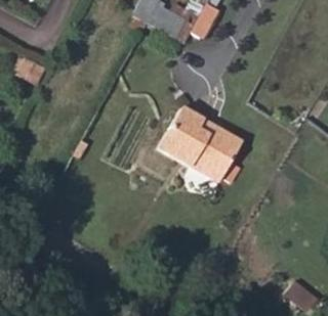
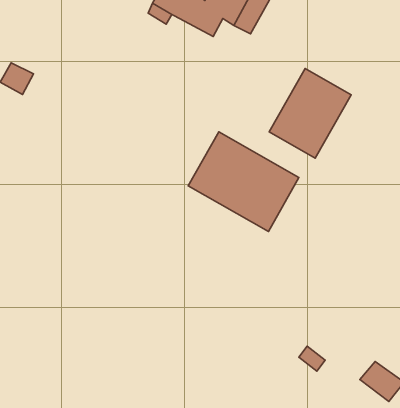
building: none -> [269,69,351,158]

